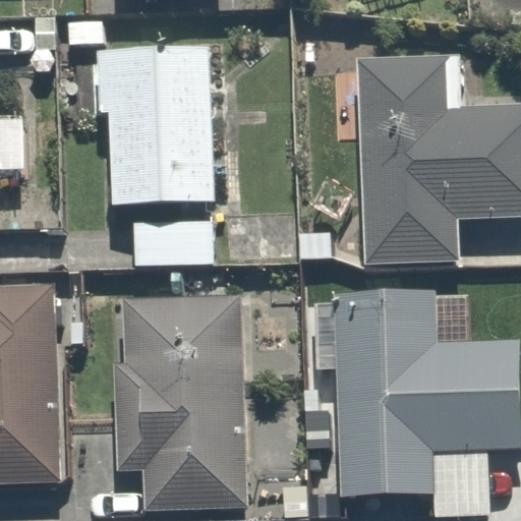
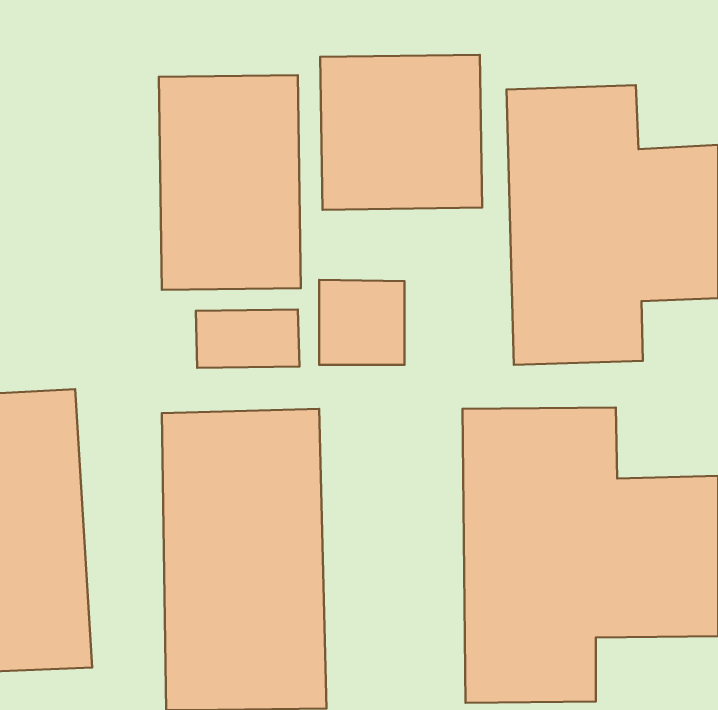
building: none -> [320,55,482,210]

